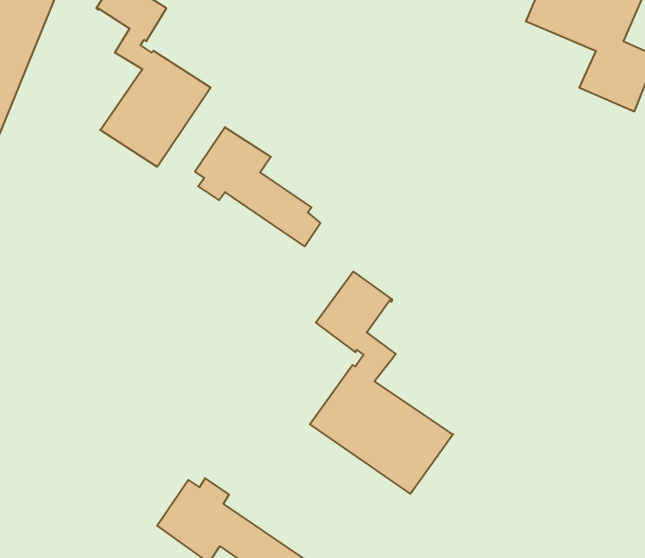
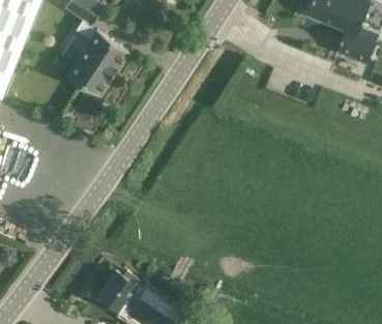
building: [195,127,320,246] -> none
building: [310,272,453,494] -> none

